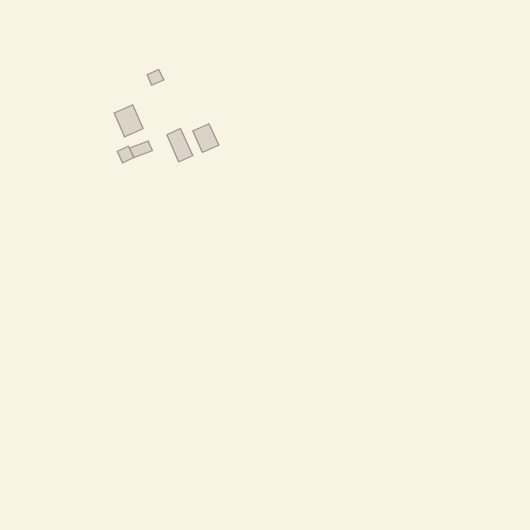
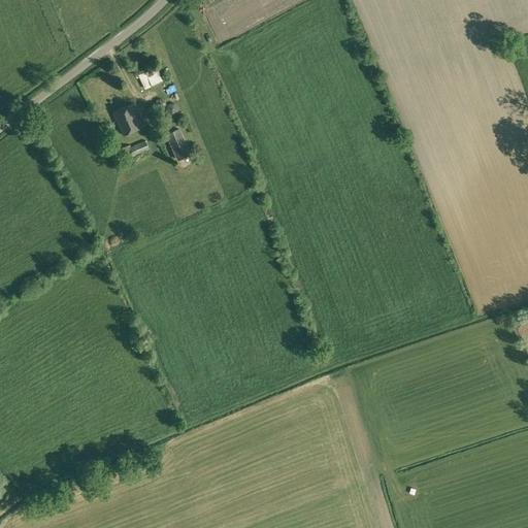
building: [193,124,219,152] -> none

